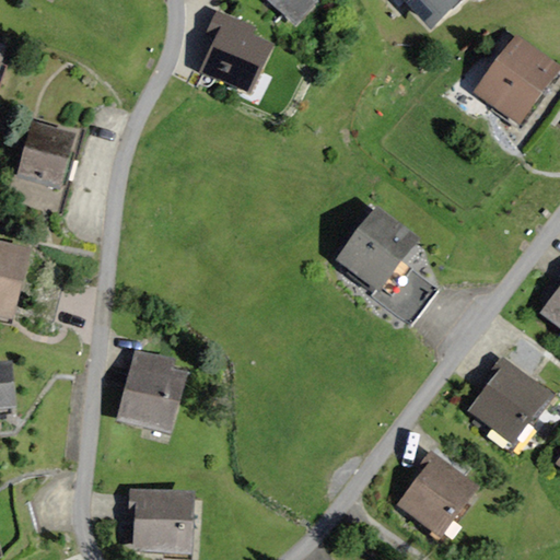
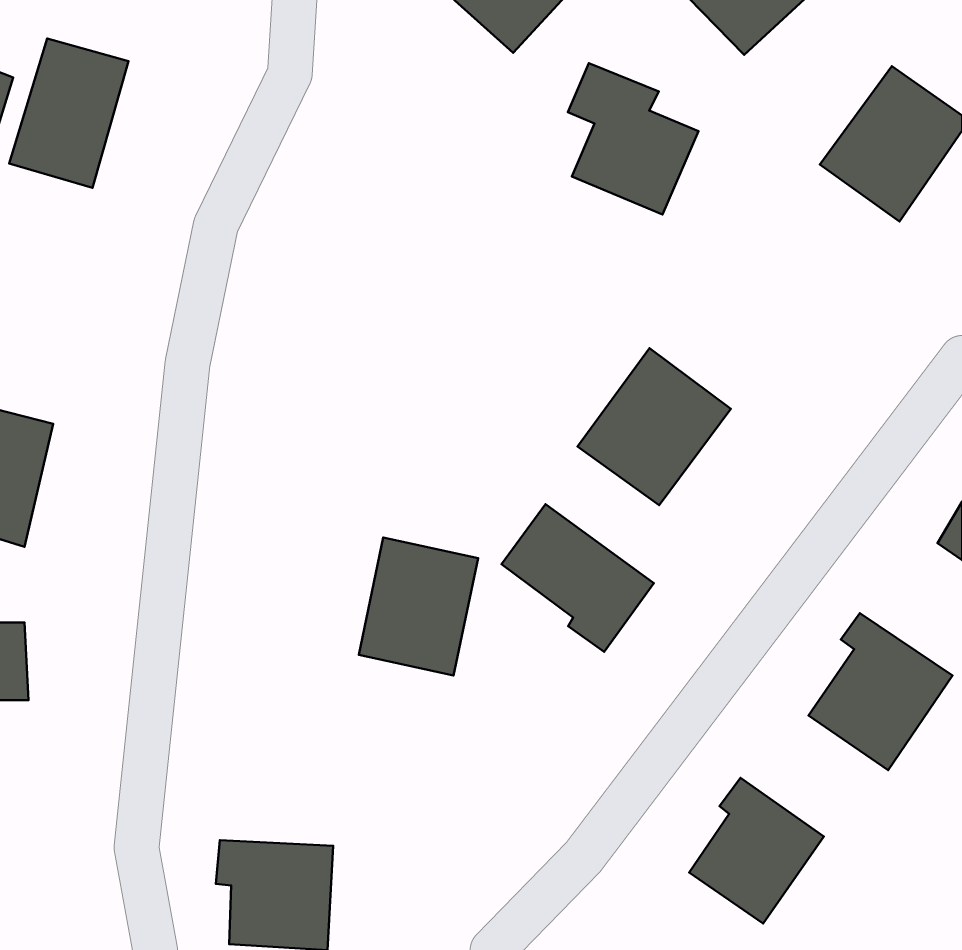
building: [201,10,277,97] -> [568,63,699,214]
building: [8,119,77,206] -> [9,38,129,188]
building: none -> [501,504,654,652]
building: [117,350,186,430] -> [359,537,478,676]

